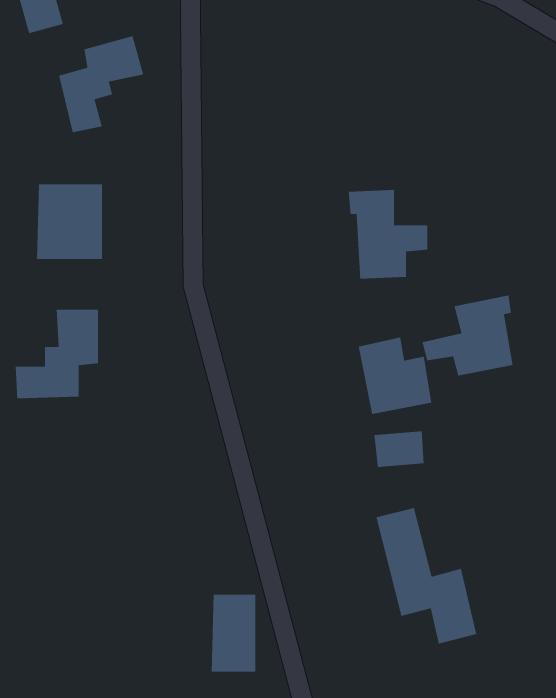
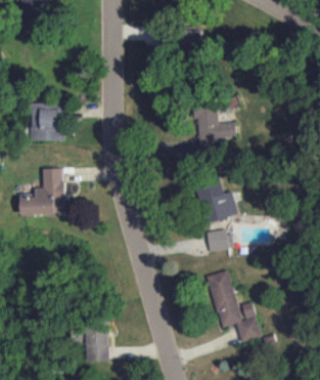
building: [58,35,144,133] -> none
building: [421,295,513,377] -> none
building: [211,594,256,672] -> [85,320,108,361]

